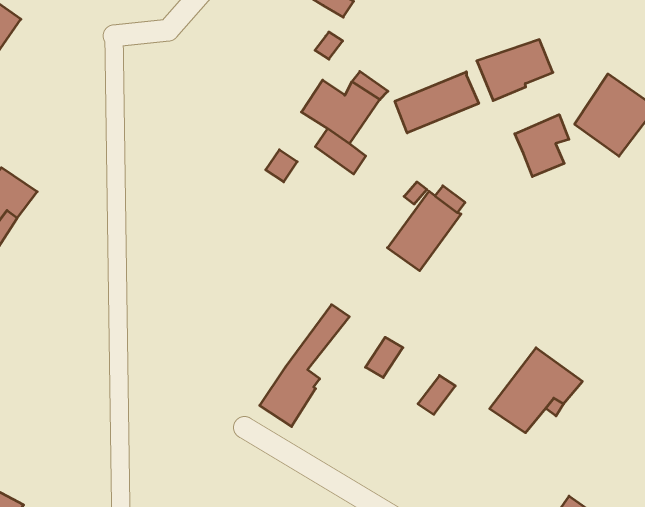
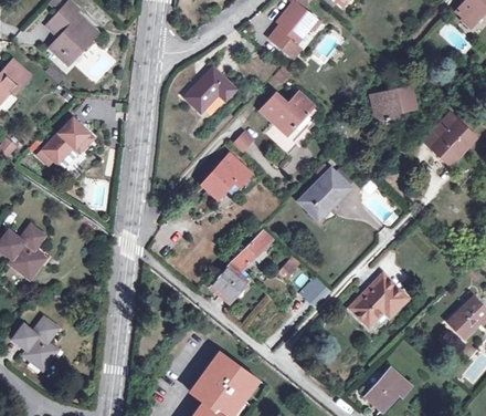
building: none -> [186,69,234,112]
building: [395,72,479,133] -> none
building: [515,115,569,177] -> none
building: none -> [201,155,249,199]

